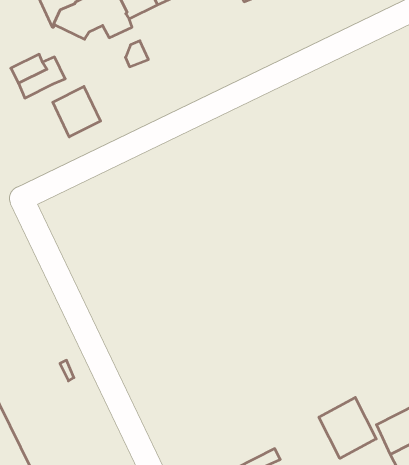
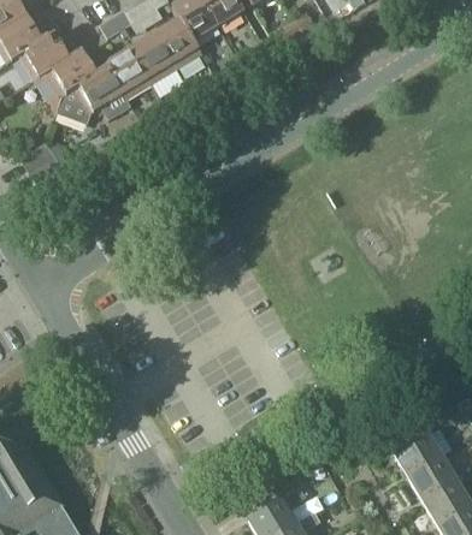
building: [53,86,101,137] -> none
building: [319,397,376,458] -> none

